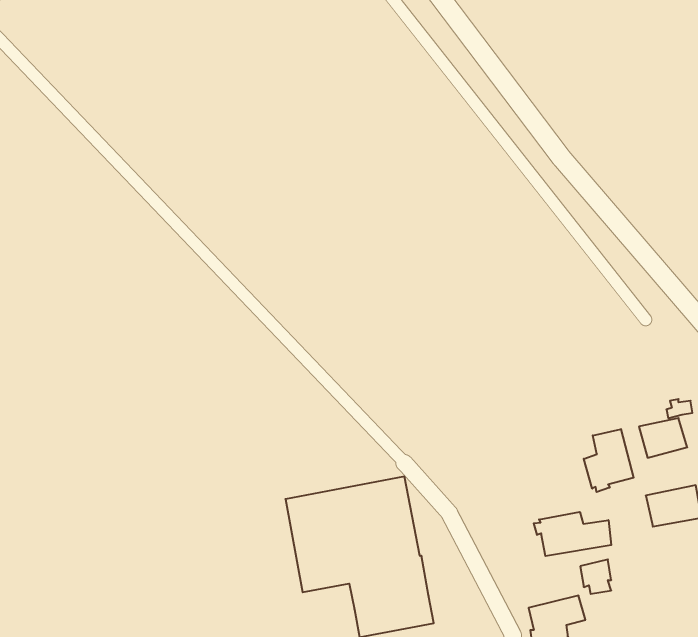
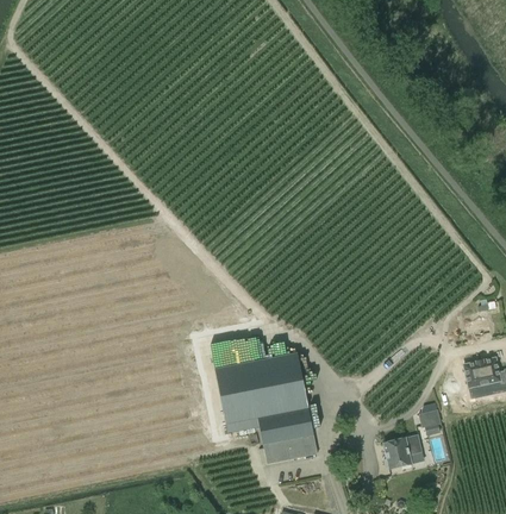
building: [584,429,634,492] -> none
building: [534,512,611,556] -> none

